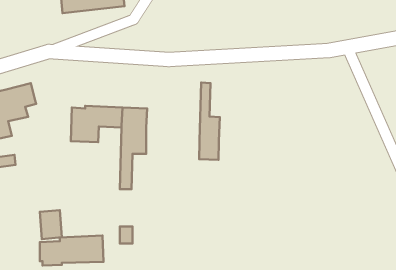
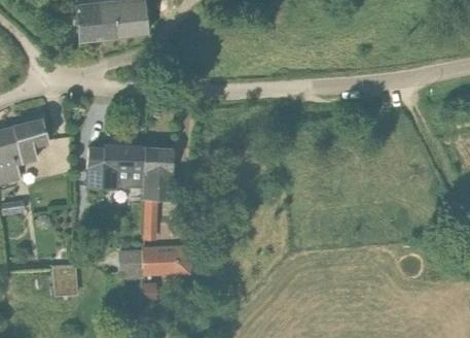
building: [199,83,220,160] -> none
building: [40,236,104,266] -> [118,244,190,278]

